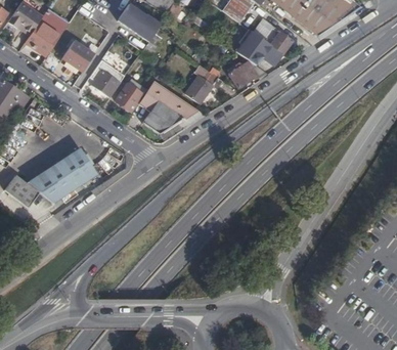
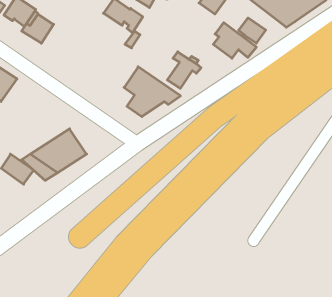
building: [62,40,95,72] -> none
building: [227,60,267,90] -> none
building: [91,68,121,99] -> none
building: [116,79,147,111] -> none

